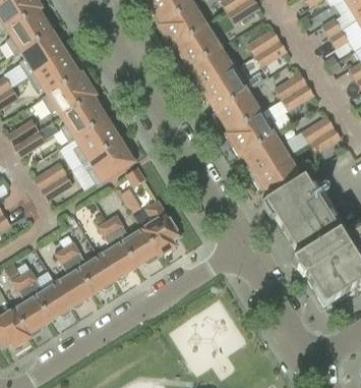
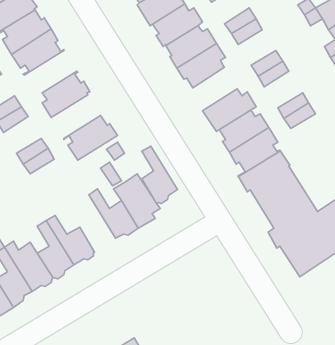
building: [42,72,96,116] -> none
building: [213,87,261,132] -> none
building: [69,118,123,163] -> none
building: [99,221,135,280] -> [142,146,177,203]

